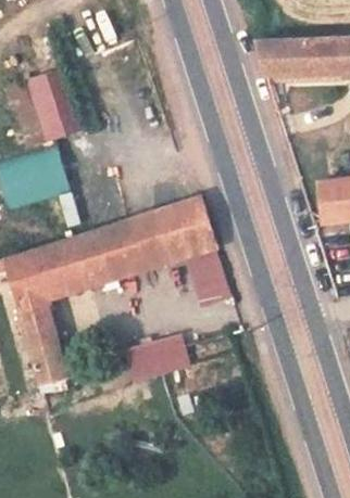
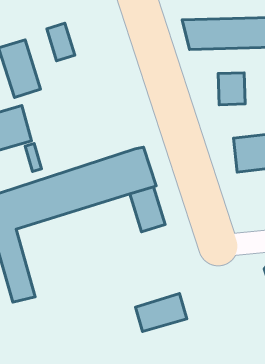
building: none -> [47,23,75,61]
building: none -> [218,73,245,105]
building: [127,330,189,375] -> [135,294,187,332]

